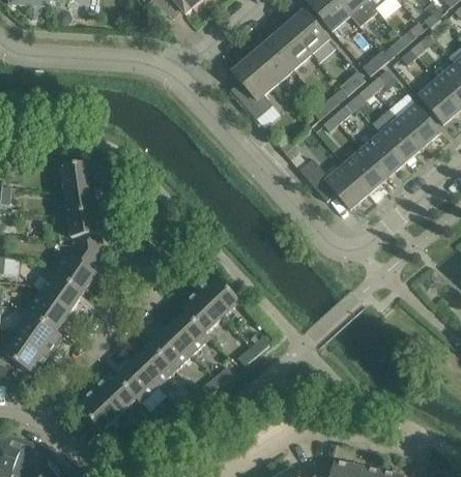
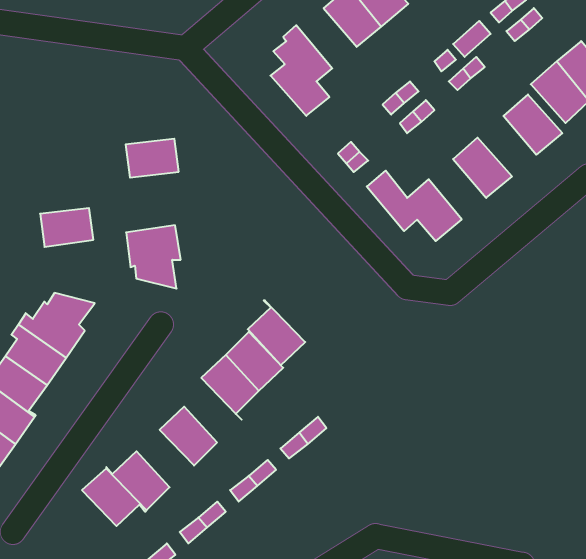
building: [249,41,292,85] -> none
building: [379,119,422,162] -> none
building: [344,150,385,193] -> none
building: [61,161,99,189] -> [126,139,179,178]
building: [67,208,107,254] -> [126,225,181,289]
building: [168,307,209,354] -> [248,300,305,365]
building: [134,345,175,386] -> none
building: [77,388,119,431] -> none

